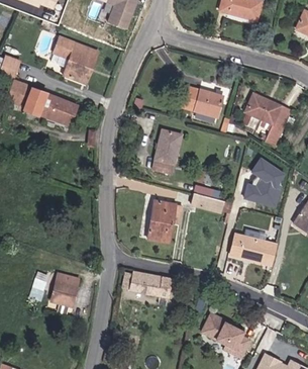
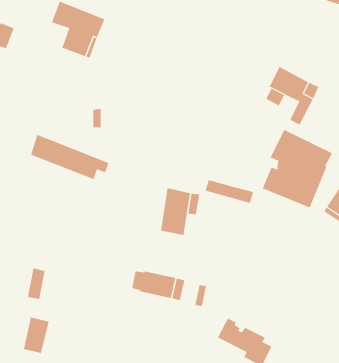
building: [14,86,84,126] -> [30,134,109,180]
building: [184,88,224,118] -> none
building: [150,130,183,174] -> none
building: [231,235,275,264] -> none
building: [56,275,79,307] -> [23,317,49,354]

